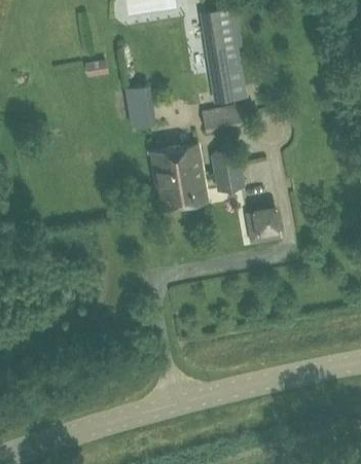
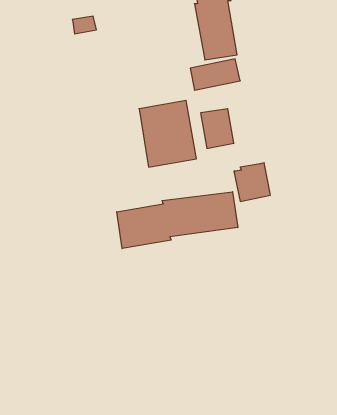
building: [123,83,156,128] -> none
building: none -> [117,192,238,249]

